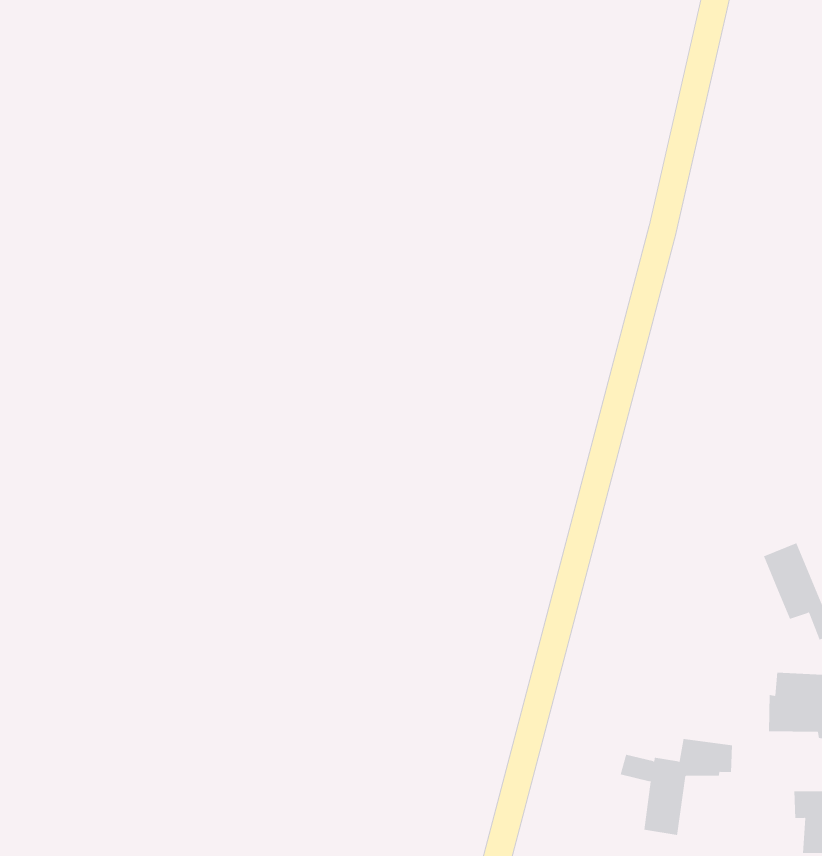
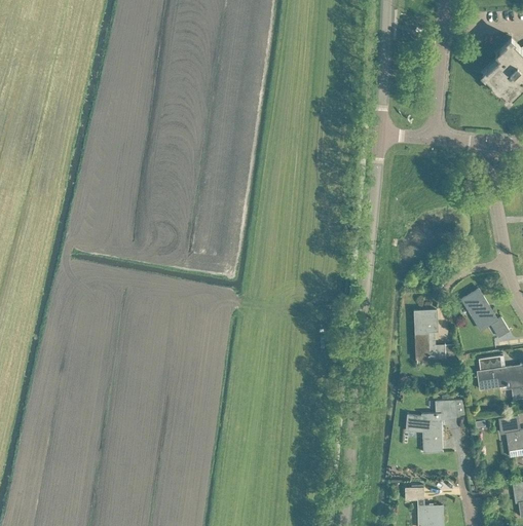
building: none -> [414,309,454,360]

